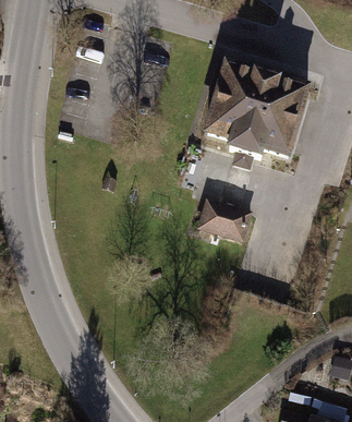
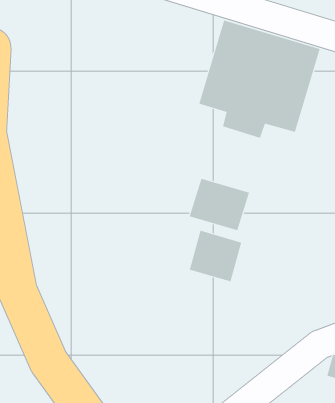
building: none -> [189,230,242,282]

